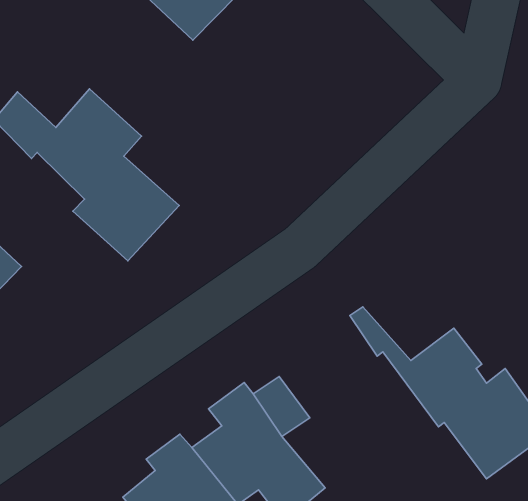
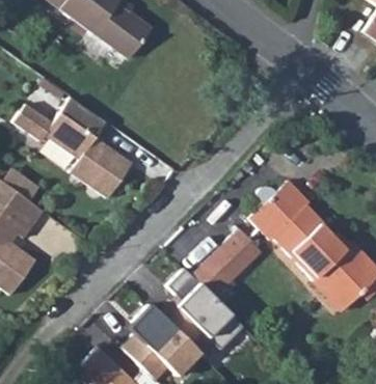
building: none -> [253,181,312,240]
building: none -> [209,228,265,282]

